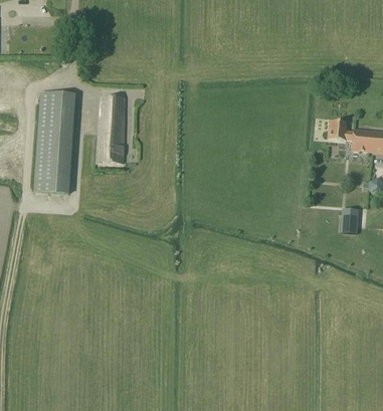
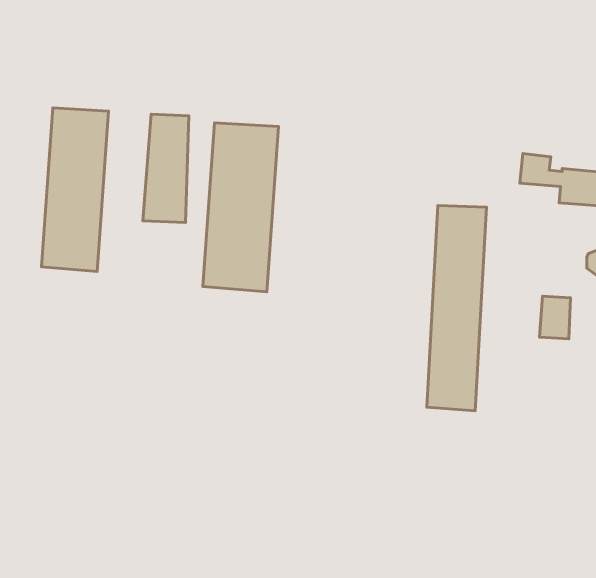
building: none -> [203,123,279,292]
building: none -> [427,206,486,411]

